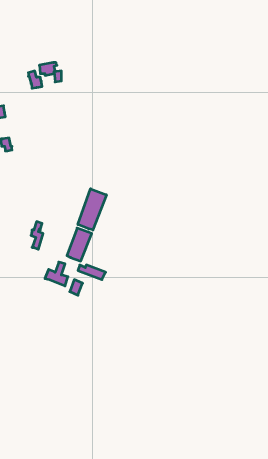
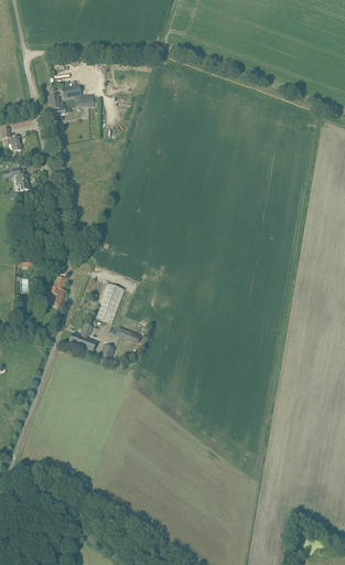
building: [78,189,106,230] -> none

